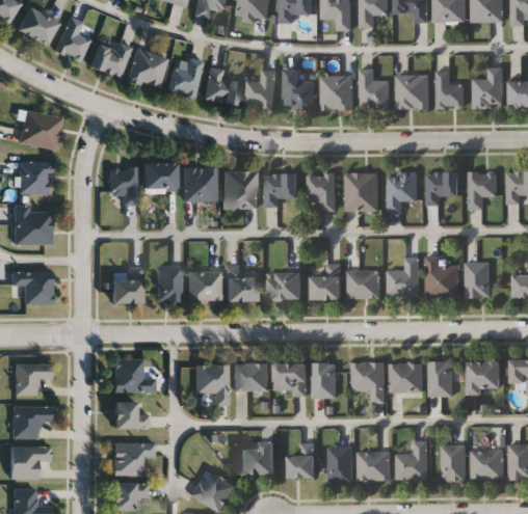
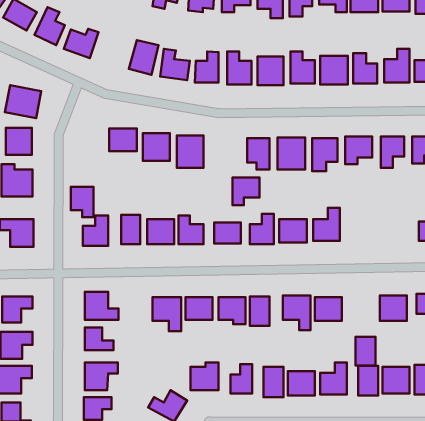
building: [128,50,166,88] -> none
building: [110,167,137,204] -> [71,187,94,217]
building: [265,173,297,207] -> [233,177,259,205]
building: [426,256,458,298] -> none
building: [466,262,490,297] -> none
building: [429,361,453,396] -> [355,337,375,366]

